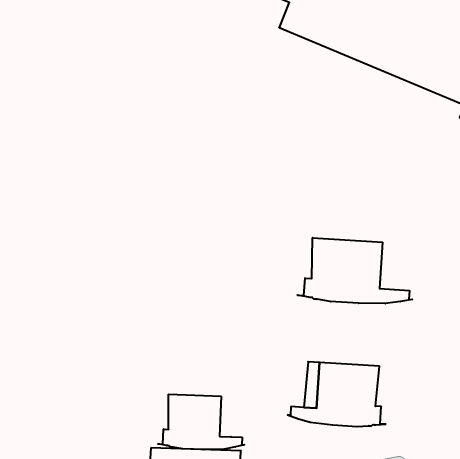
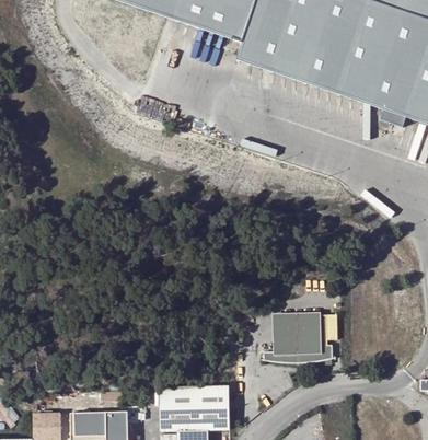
building: [297,238,412,304] -> none
building: [158,394,244,450] -> none

